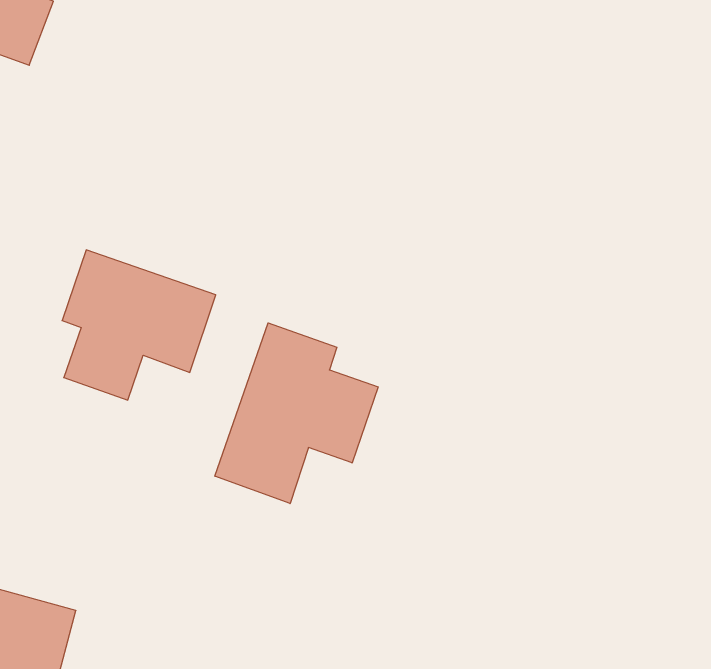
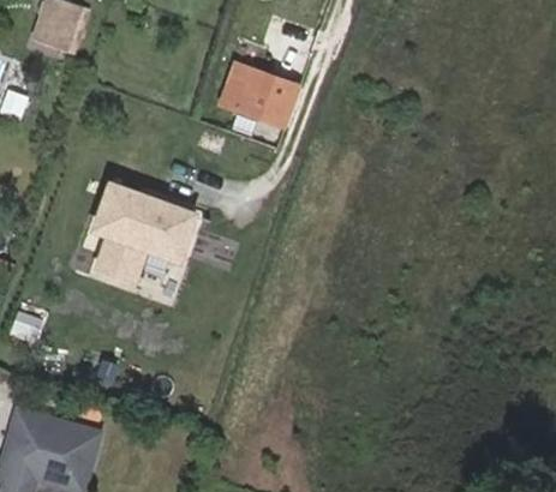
building: none -> [222,65,298,127]
building: [215,323,378,504] -> none

